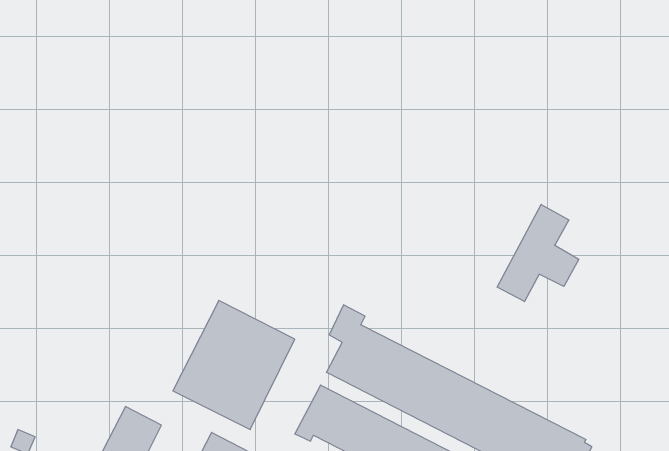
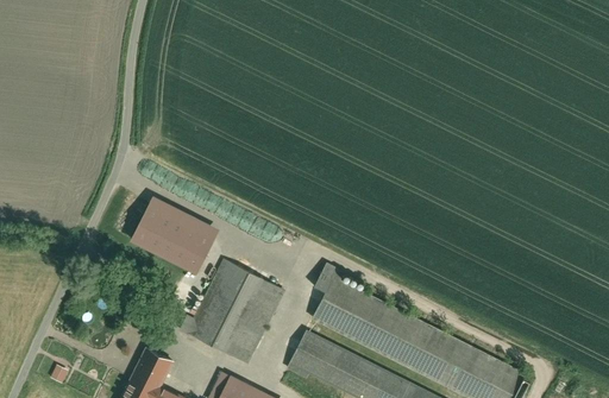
building: [497,204,579,302] -> none
building: none -> [136,192,226,271]

